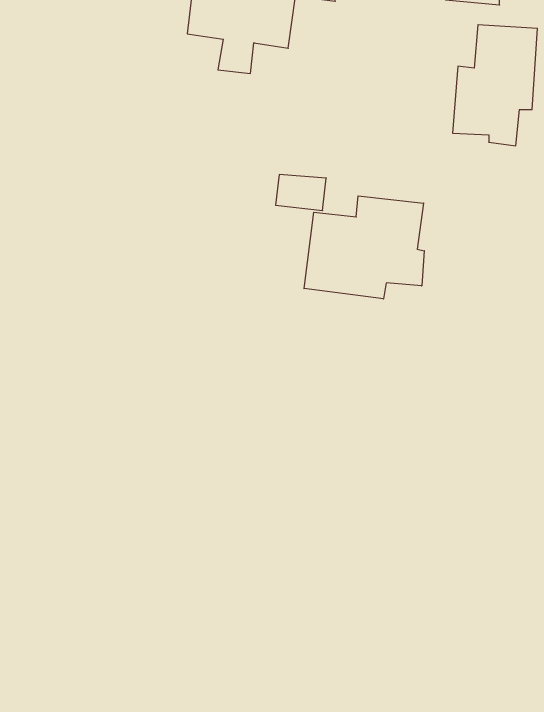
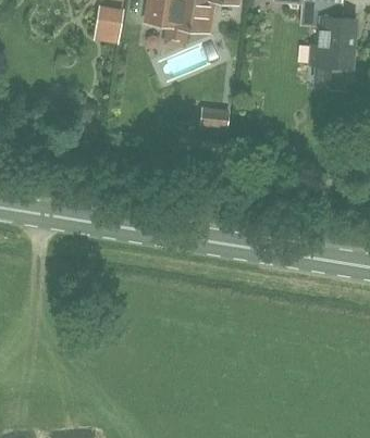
building: none -> [95,9,122,40]
building: [304,196,424,299] -> none

